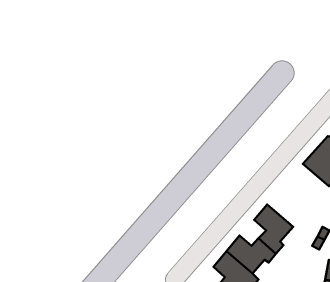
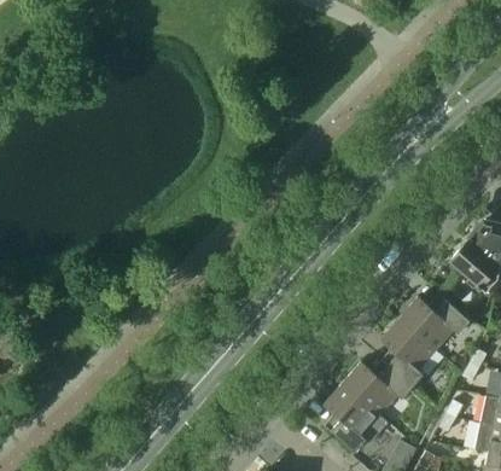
building: none -> [400,297,470,349]

